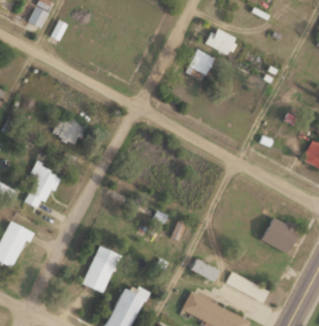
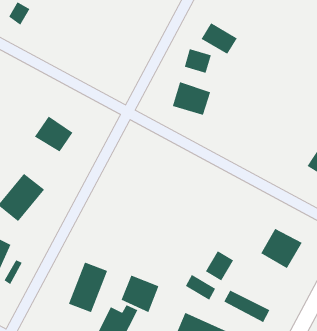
building: none -> [172,81,211,116]
building: none -> [205,250,234,281]
building: none -> [120,275,160,313]

